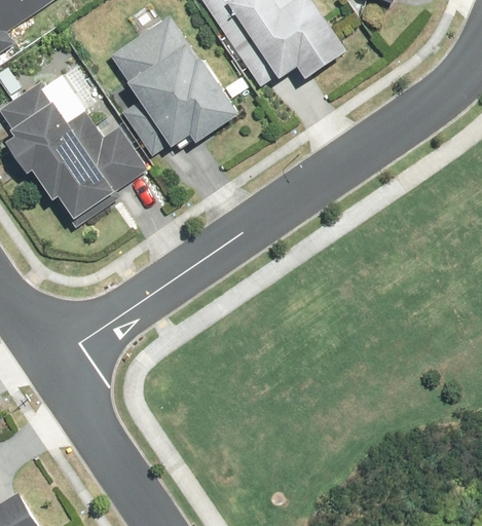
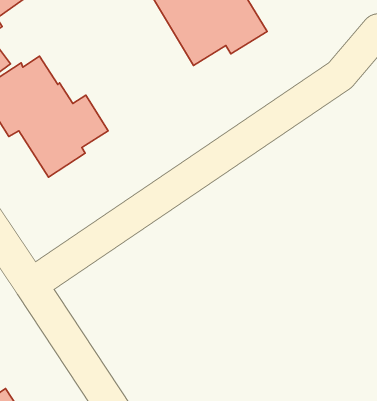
building: [109,13,236,144] -> none

